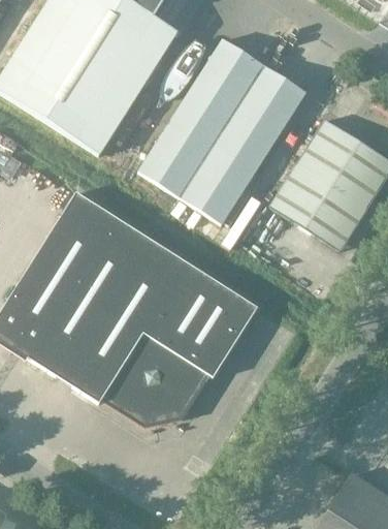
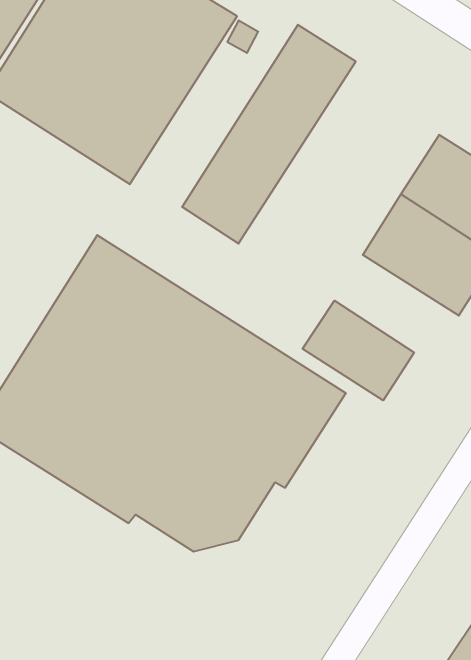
building: [179,65,305,225] -> none
building: none -> [303,301,414,400]

